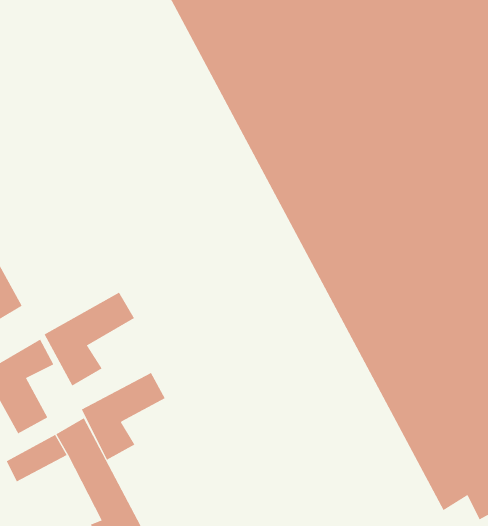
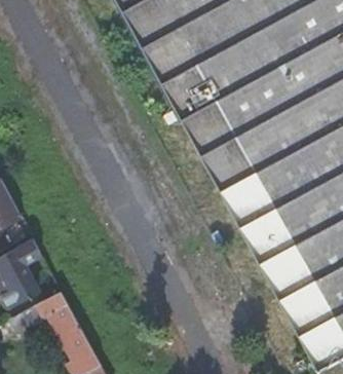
building: [44,292,135,387] -> none
building: [81,372,165,460] -> none

